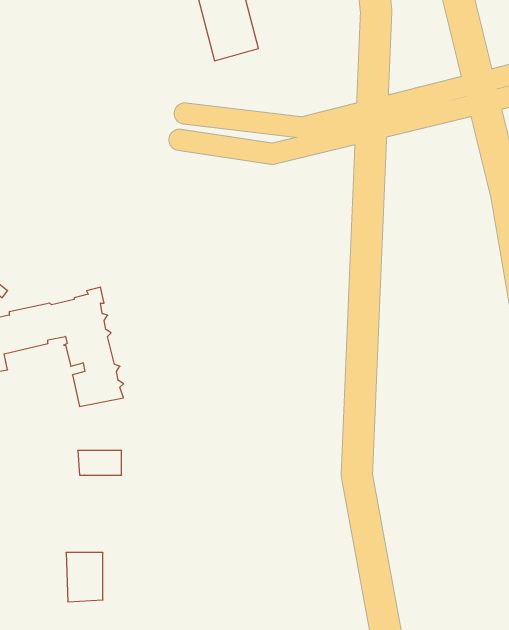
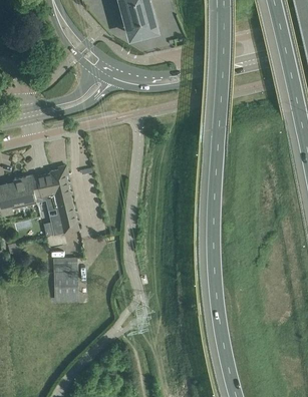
building: [66,553,103,602] -> [55,275,76,303]

